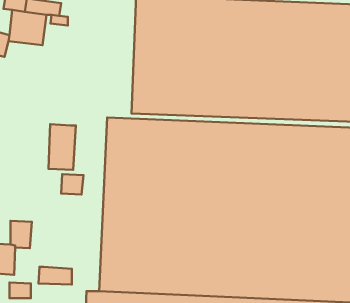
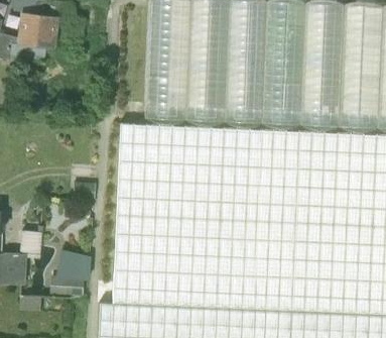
building: [48,124,76,170] -> none
building: none -> [54,250,90,281]

